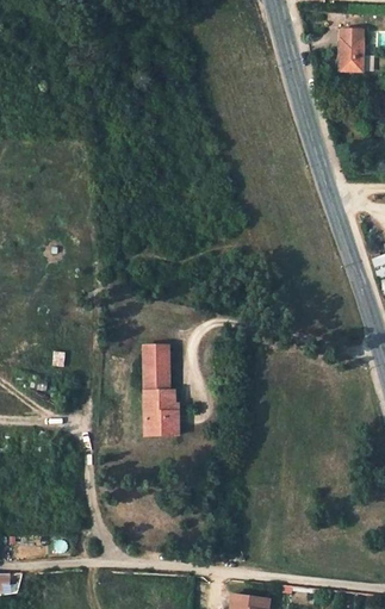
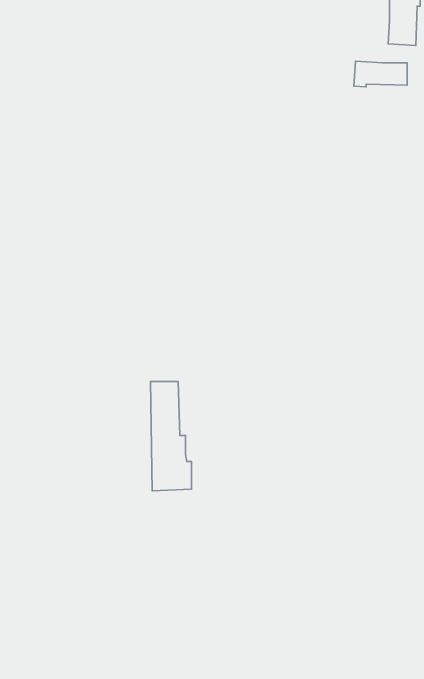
building: none -> [354,61,407,87]

